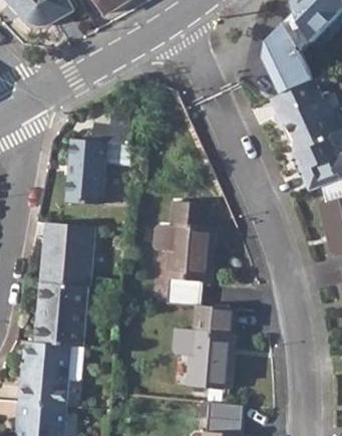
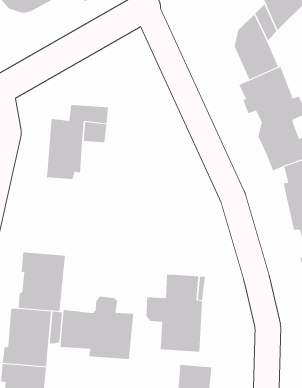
building: [147,202,210,304] -> none
building: [40,221,94,284] -> none
building: none -> [60,296,134,360]

